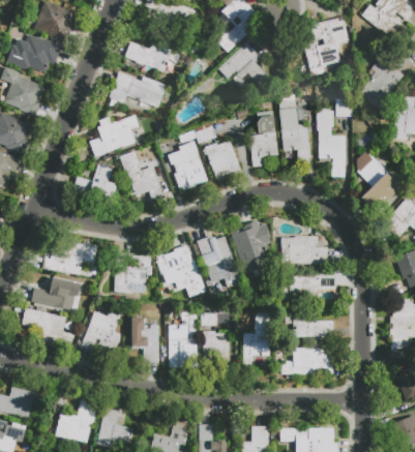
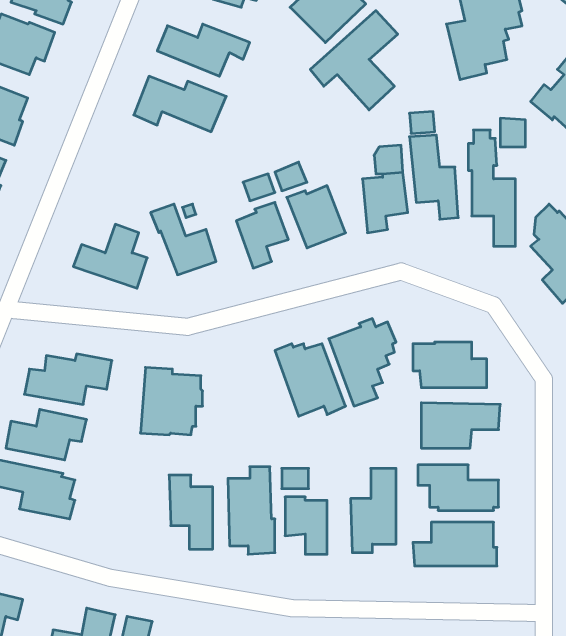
building: [89,115,139,157] -> none
building: [154,244,207,298] -> none
building: [82,308,122,351] -> none

